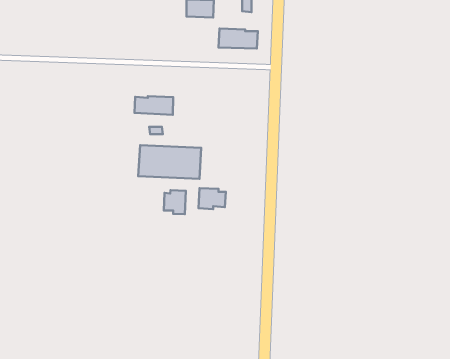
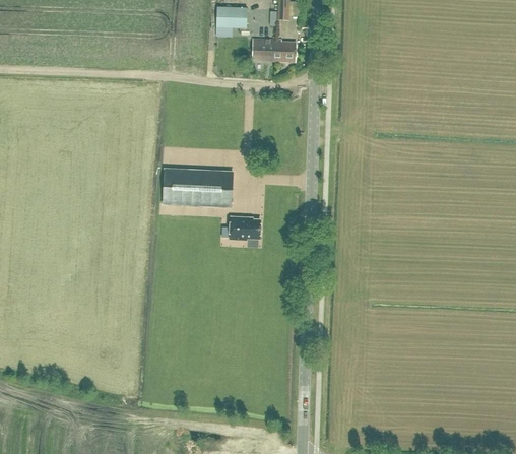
building: [135,96,173,115] -> none
building: [164,190,186,214] -> none

